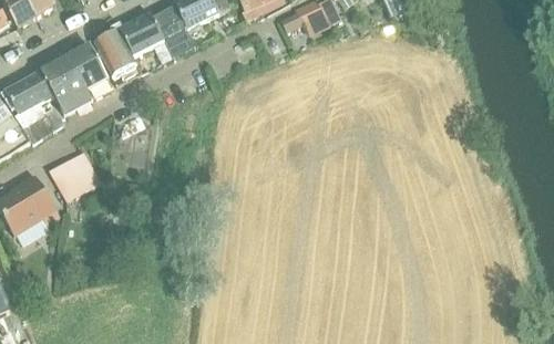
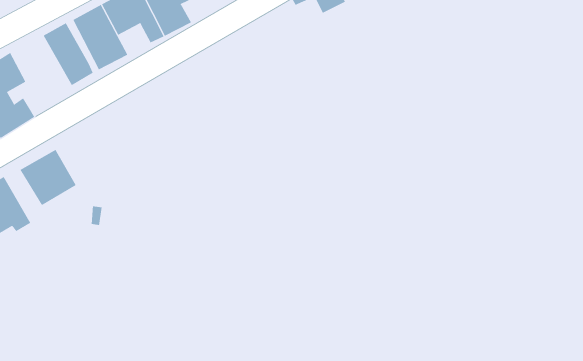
building: [41,54,93,113] -> none

